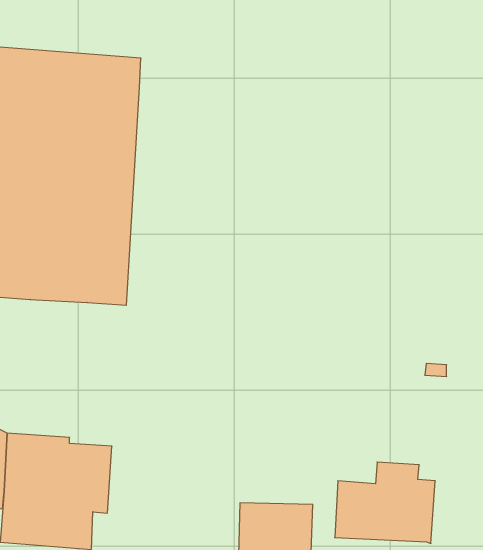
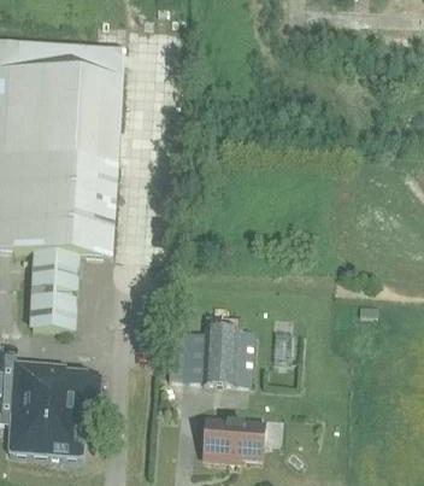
building: none -> [28,250,80,330]
building: [335,462,435,543] -> [173,316,257,383]

